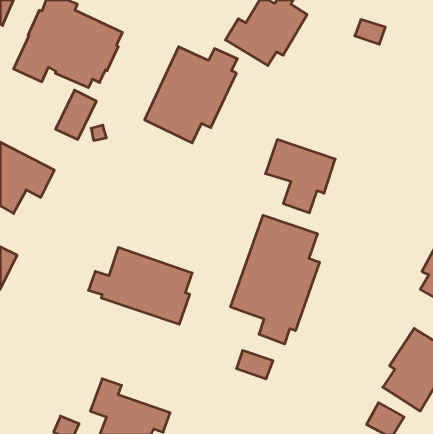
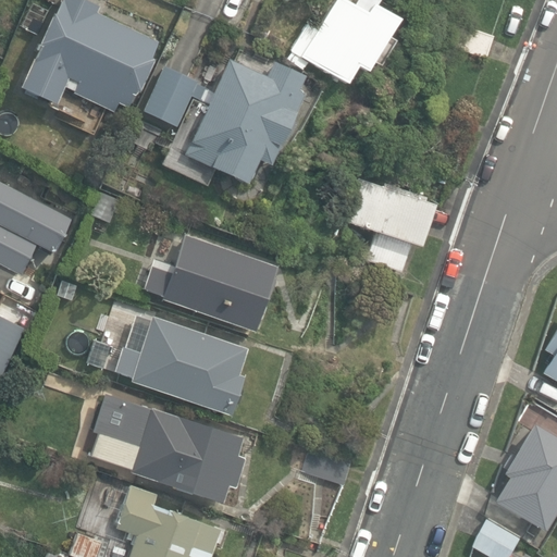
building: [56,90,96,139] -> [149,51,201,114]
building: none -> [146,235,278,332]
building: [231,215,319,344] -> none
building: none -> [94,395,245,504]

